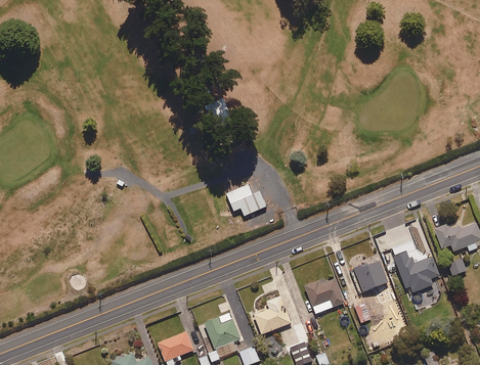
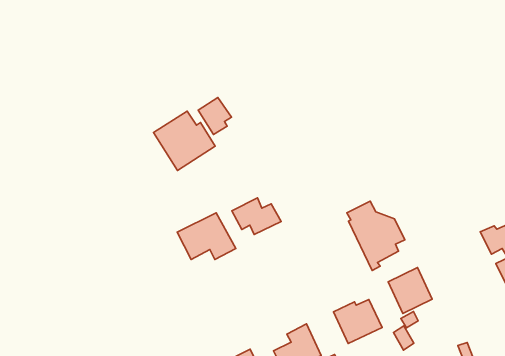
building: none -> [154,111,215,170]
building: none -> [177,213,236,259]
building: [391,240,438,299] -> [347,201,405,270]

